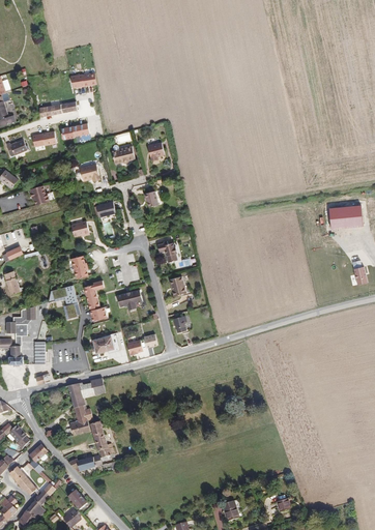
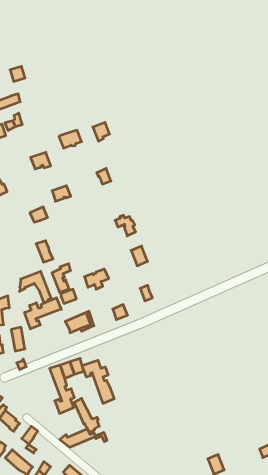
building: none -> [25,298,61,329]
building: none -> [82,360,114,403]

